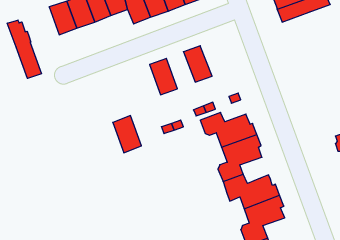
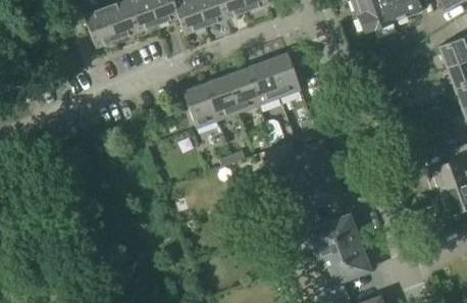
building: [7,20,41,78] -> none
building: none -> [267,51,303,96]
building: none -> [226,66,261,111]
building: [113,116,141,153] -> [185,82,219,127]

